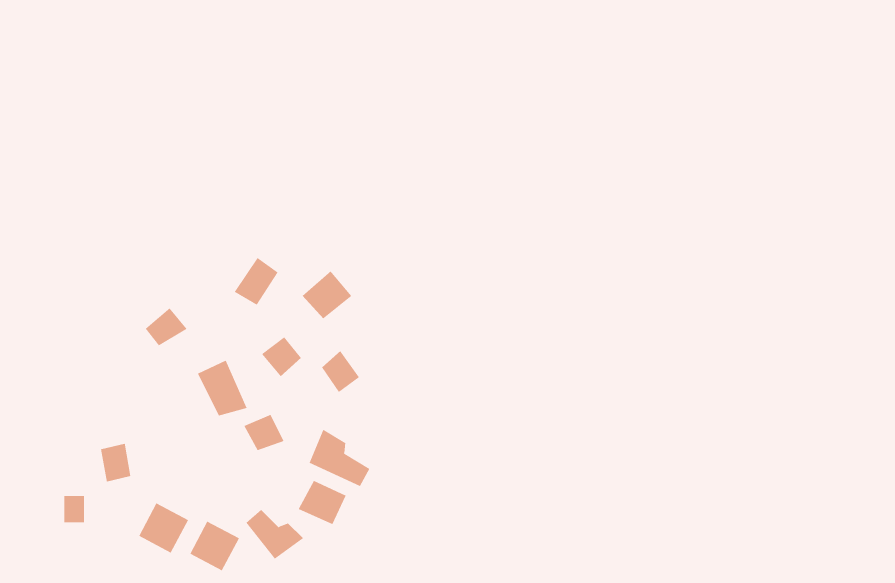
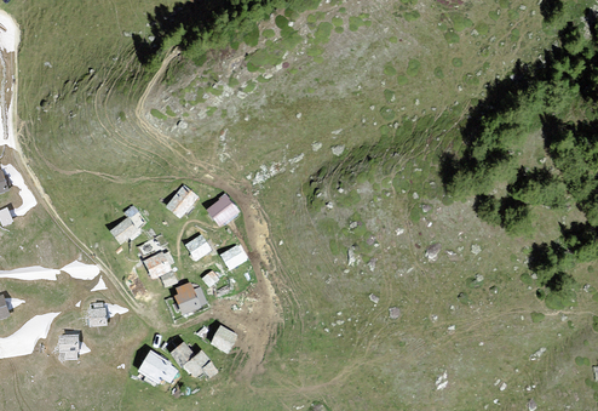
building: [309,429,370,487] -> none
building: [138,502,189,554] -> none

